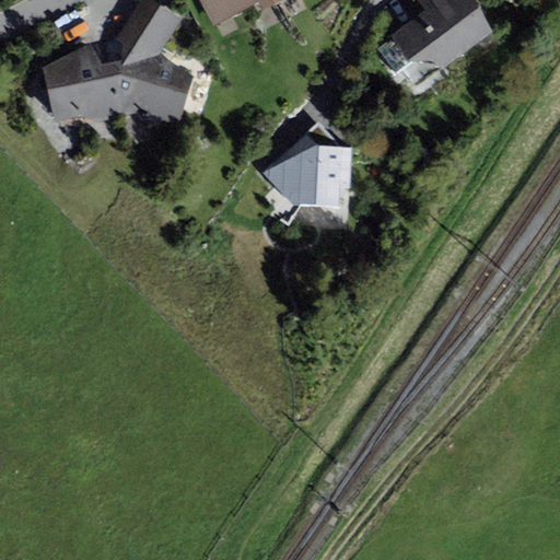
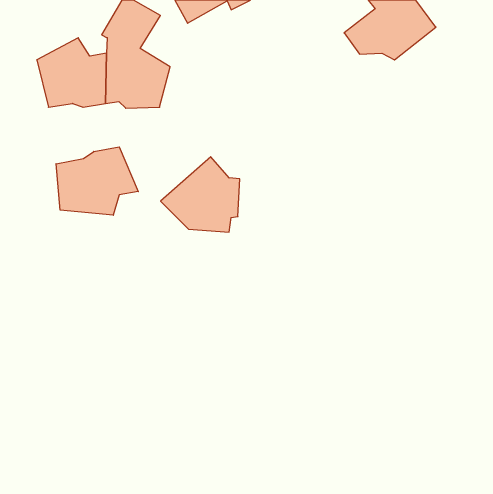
building: [261,122,351,208] -> [161,157,240,232]
building: none -> [56,147,138,215]

